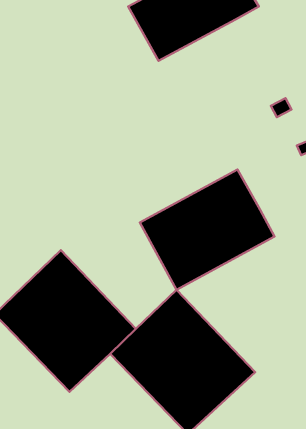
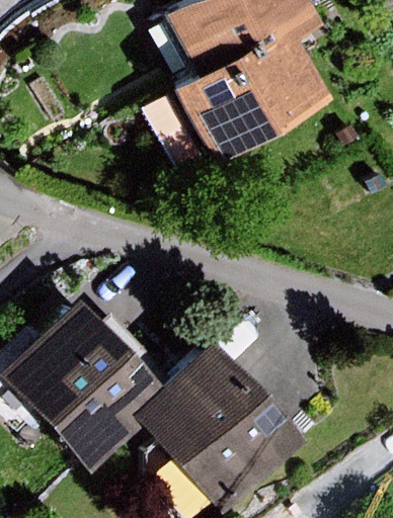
building: none -> [172,29,325,162]
building: [140,170,274,290] -> none

